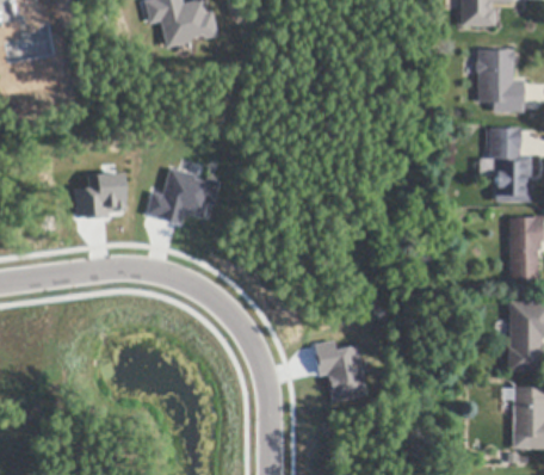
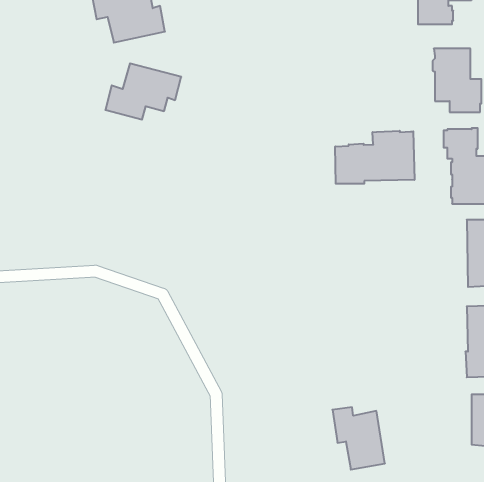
building: none -> [335,131,414,184]
building: [144,167,218,222] -> [105,63,181,120]
building: [74,171,124,215] -> none
building: [313,339,364,400] -> [332,407,385,470]

